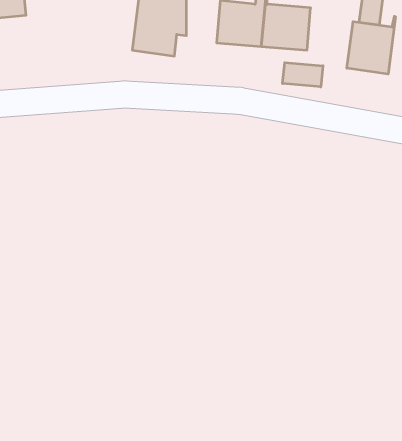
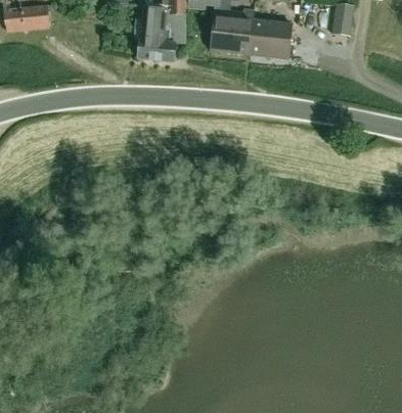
building: [347,16,395,74] -> none
building: [283,63,323,87] -> none

